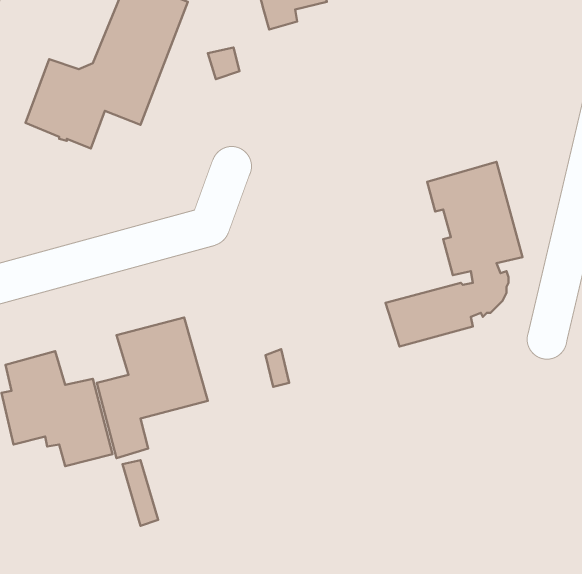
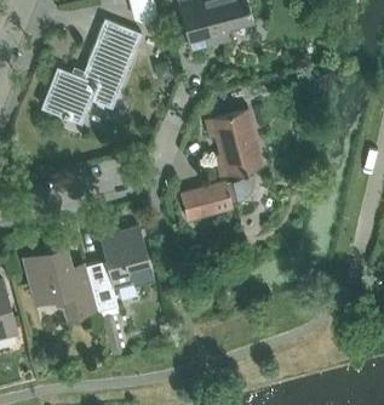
building: [386,162,522,346] -> [178,108,262,221]

